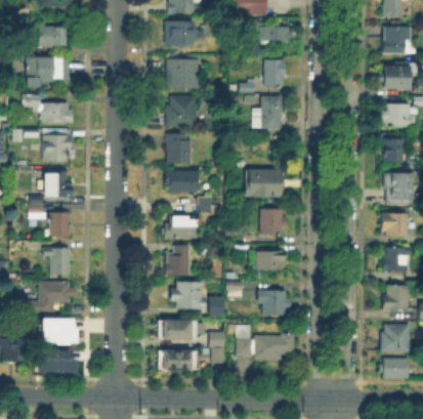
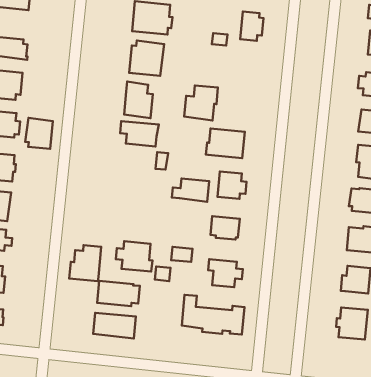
building: [254,97,283,128] -> [184,85,218,120]
building: none -> [25,118,53,149]
building: [164,217,197,237] -> [172,178,209,202]
building: [164,247,191,279] -> [69,245,101,281]
building: [209,332,223,363] -> none
building: [380,360,407,376] -> none

